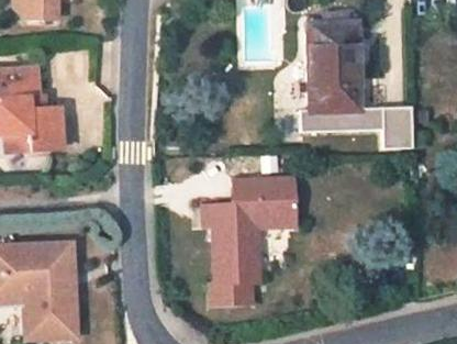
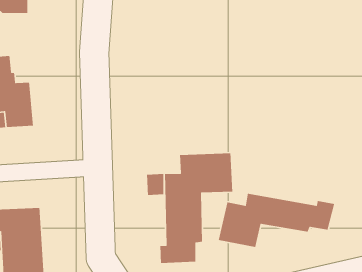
building: [302,23,415,148] -> none
building: none -> [218,193,335,248]

